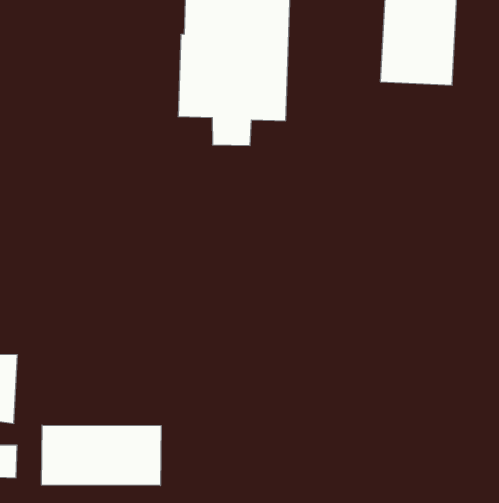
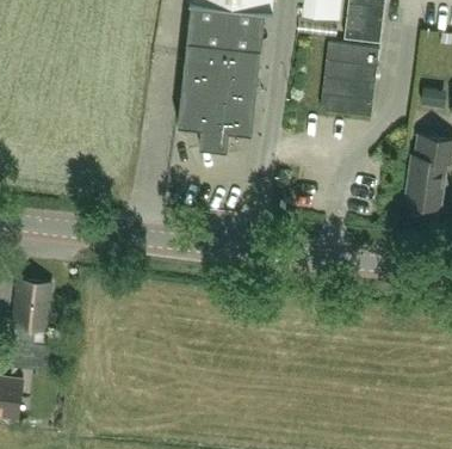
building: [41,425,161,486] -> none

